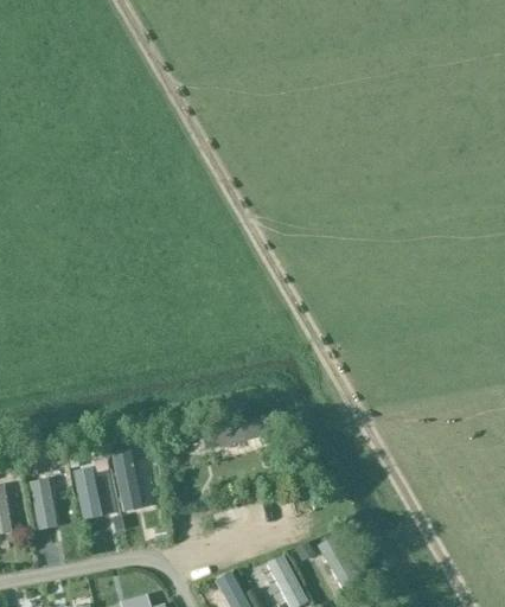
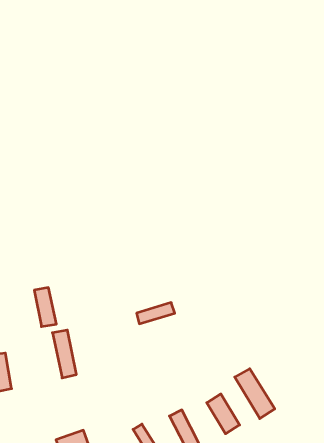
building: [73,468,103,520] -> [34,288,56,327]
building: none -> [235,369,275,419]

